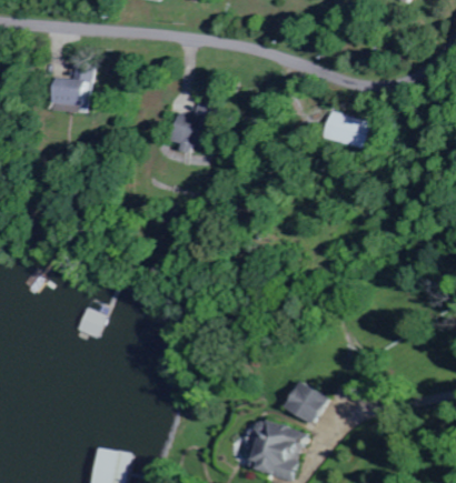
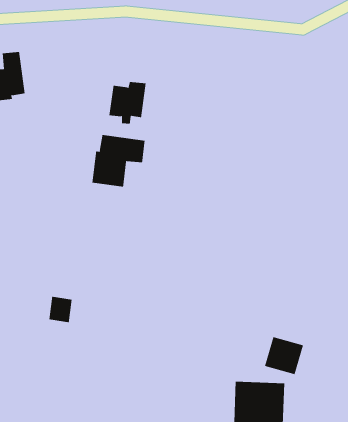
building: [324,111,374,149] -> none
building: none -> [92,134,145,187]

